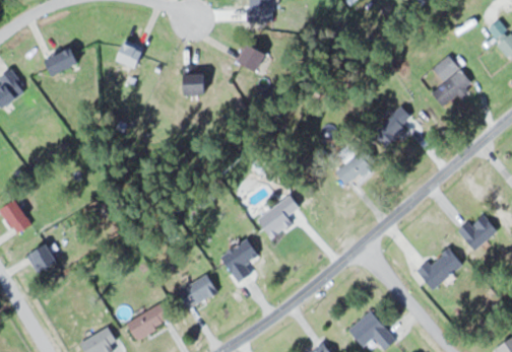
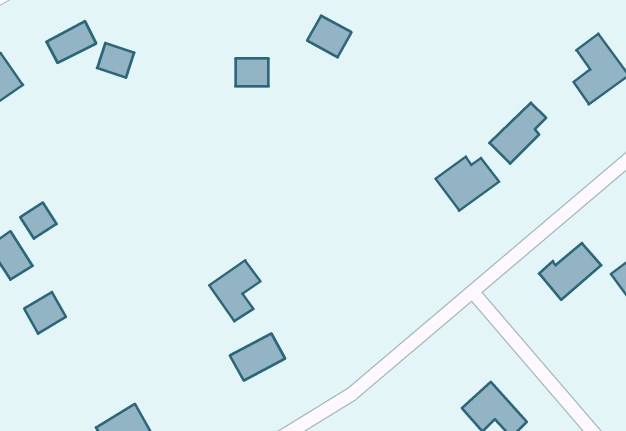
building: [117,43,144,68] -> [97,43,134,78]
building: none -> [20,203,57,239]
building: [259,196,300,234] -> none
building: [220,239,258,284] -> [209,260,260,321]
building: [417,249,462,290] -> [539,243,601,300]
building: [127,303,172,340] -> none

